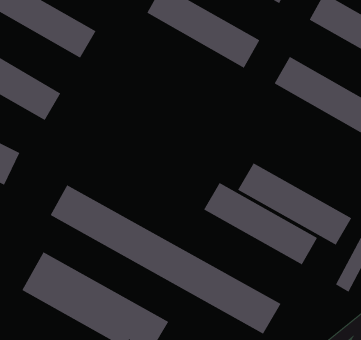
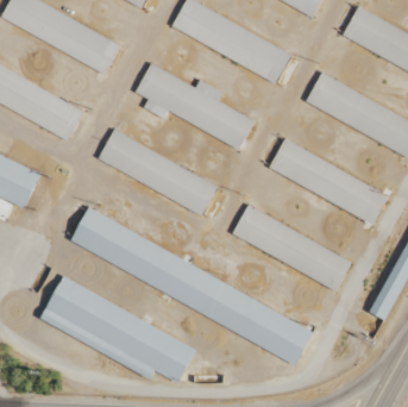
building: none -> [134,63,255,150]
building: none -> [98,127,216,215]
building: [237,163,352,246] -> [268,137,388,224]

